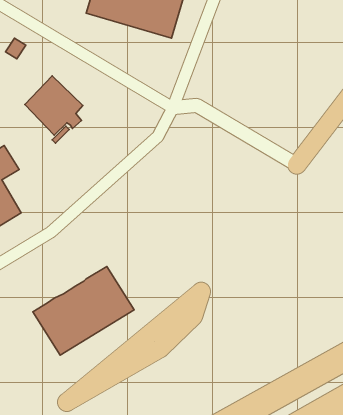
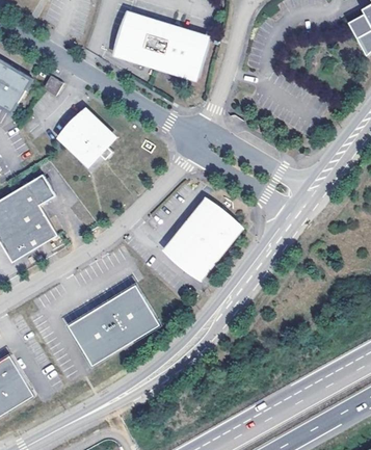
building: none -> [166,201,238,274]

